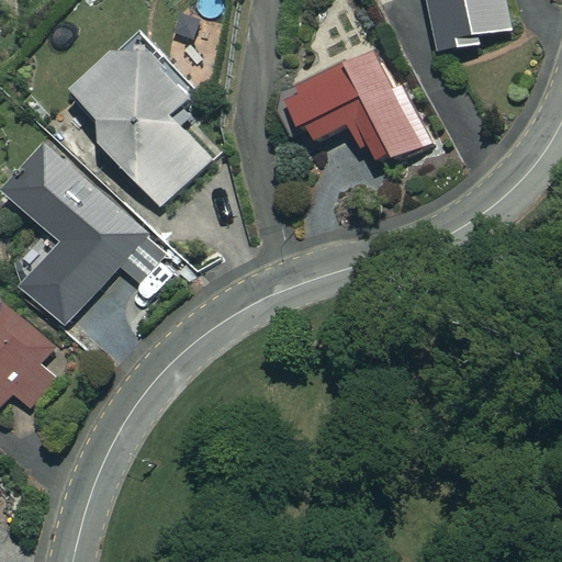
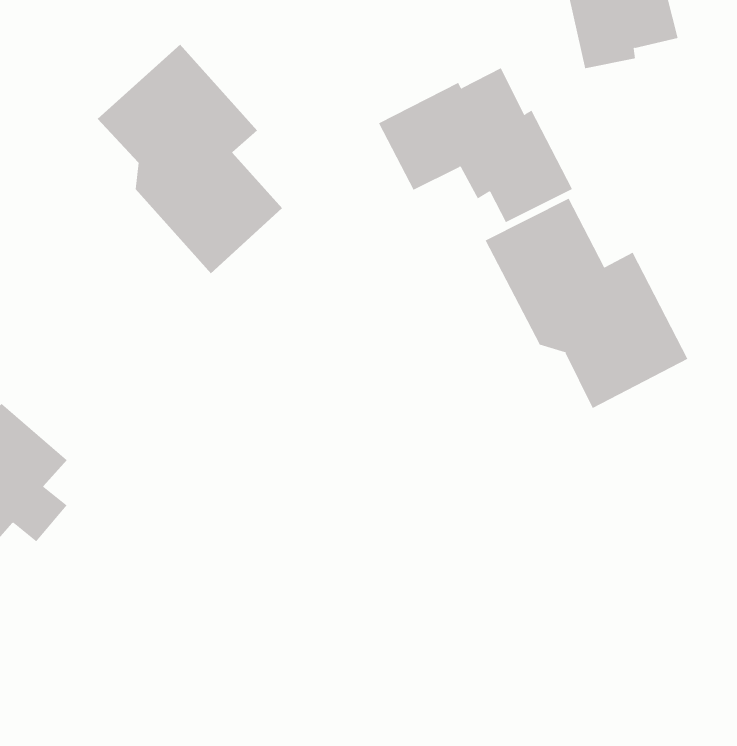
building: [5,145,165,323] -> none
building: none -> [485,198,688,409]

